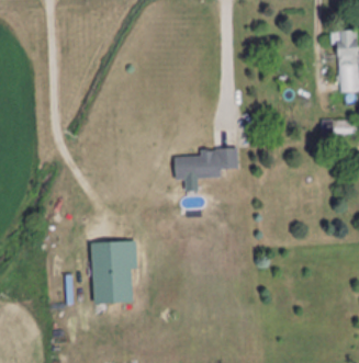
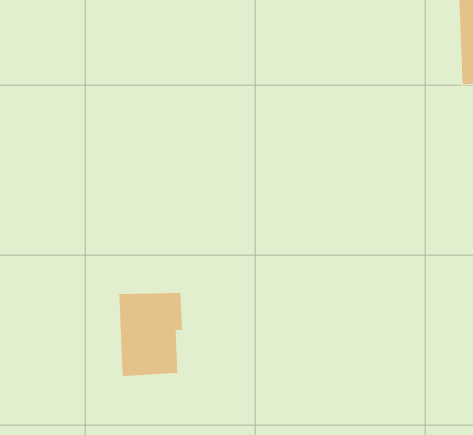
building: [175,150,238,179] -> none

